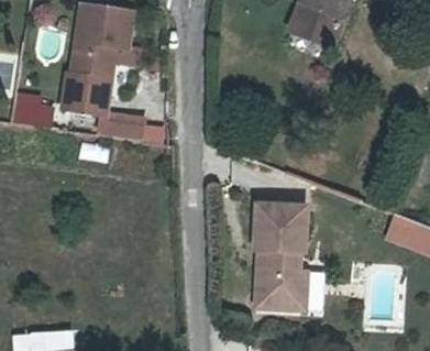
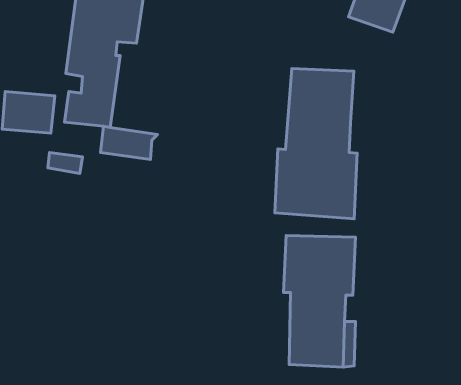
building: none -> [275,68,357,219]

